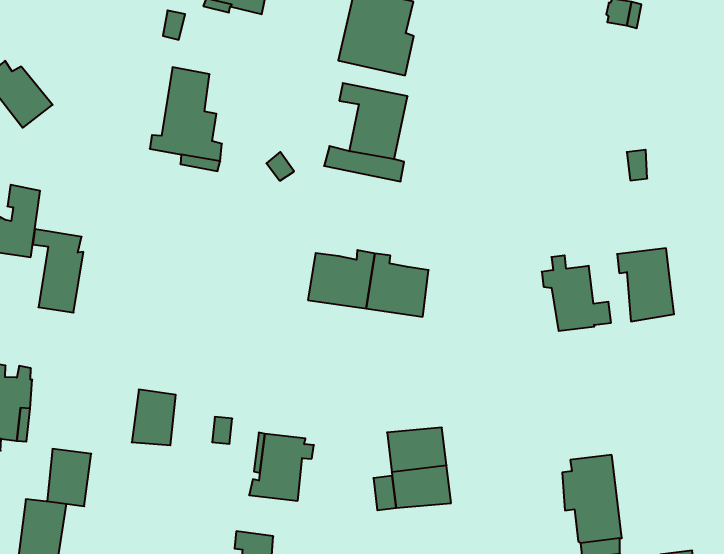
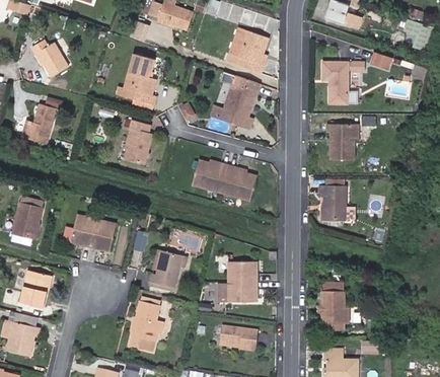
building: none -> [319,58,361,101]
building: [33,229,83,313] -> [126,117,153,163]
building: [617,248,674,321] -> [325,121,352,157]
building: [47,449,91,506] -> [70,215,96,247]

